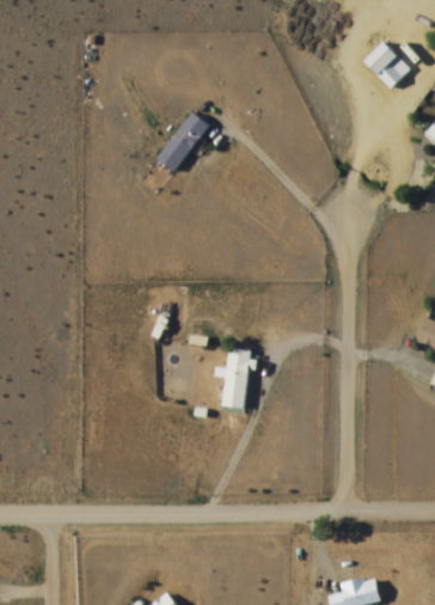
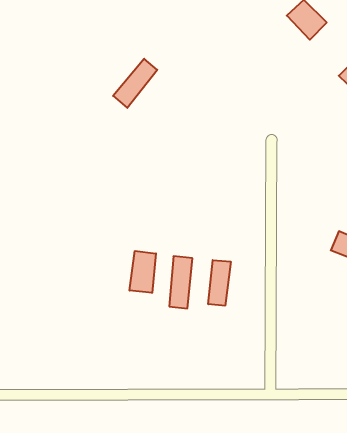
building: none -> [130,251,156,293]
building: none -> [208,260,231,306]

